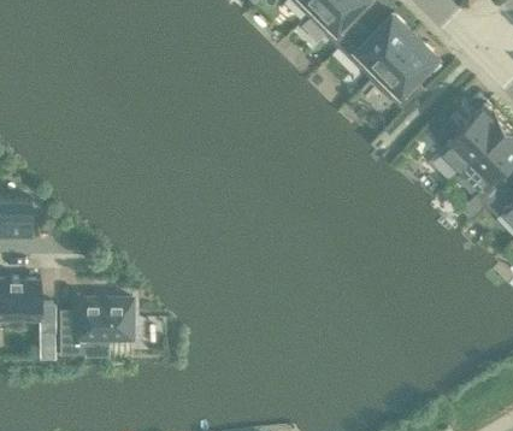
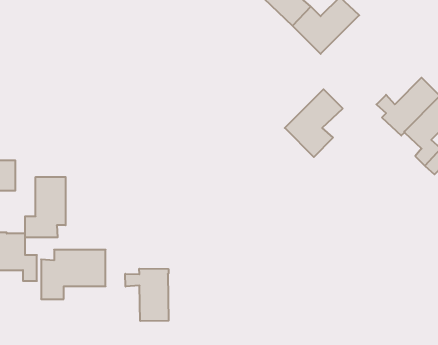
building: [372,36,437,112] -> [285,89,343,157]
building: none -> [25,177,66,237]
building: none -> [125,269,169,321]

